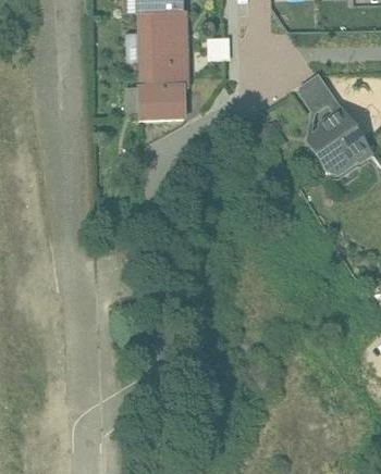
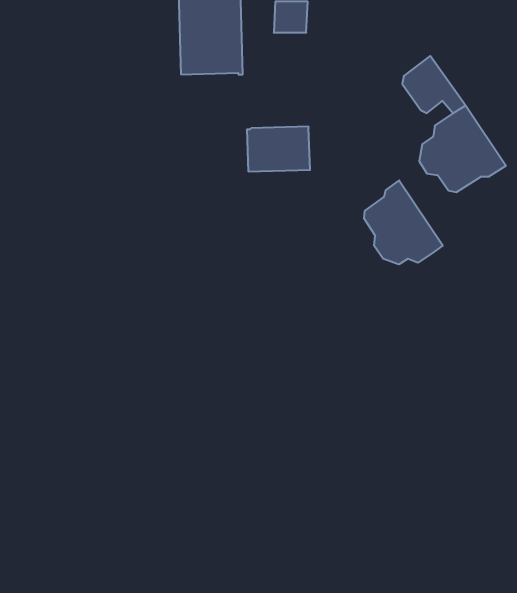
building: [139,87,184,118] -> [247,127,310,171]
building: none -> [364,180,443,264]

